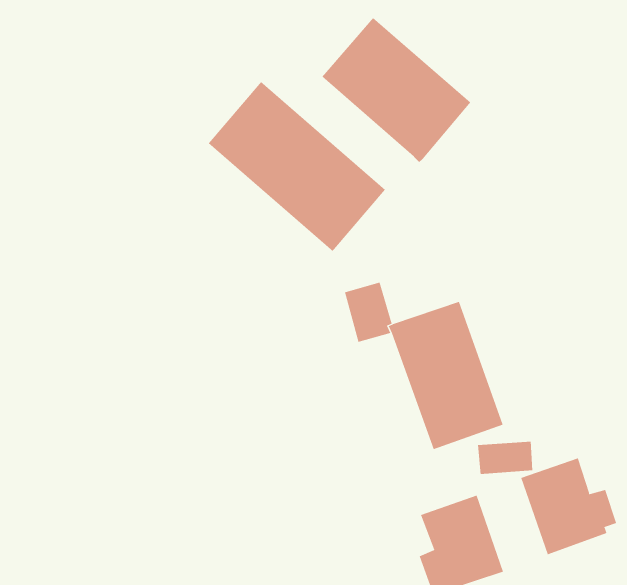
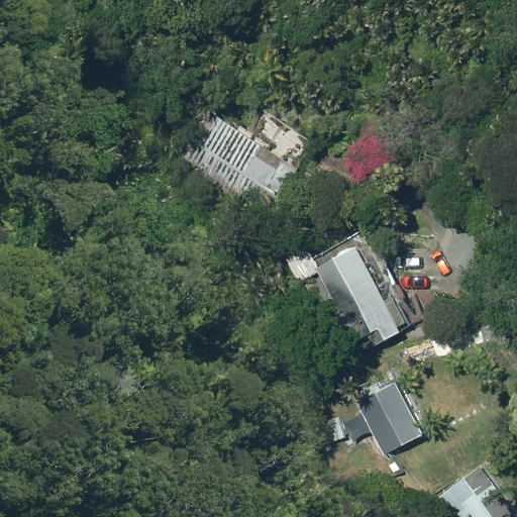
building: [321,17,471,163] -> none
building: [521,458,617,555] -> none

